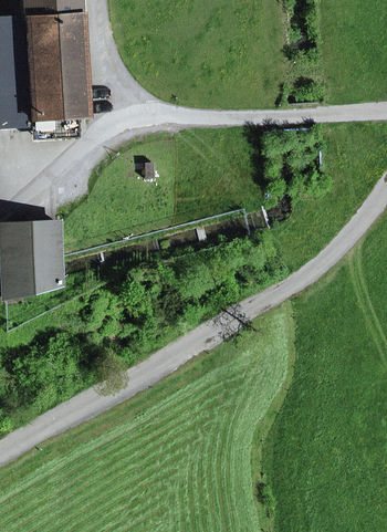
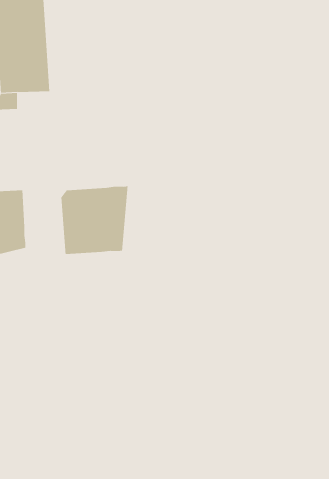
building: none -> [61,186,128,255]

